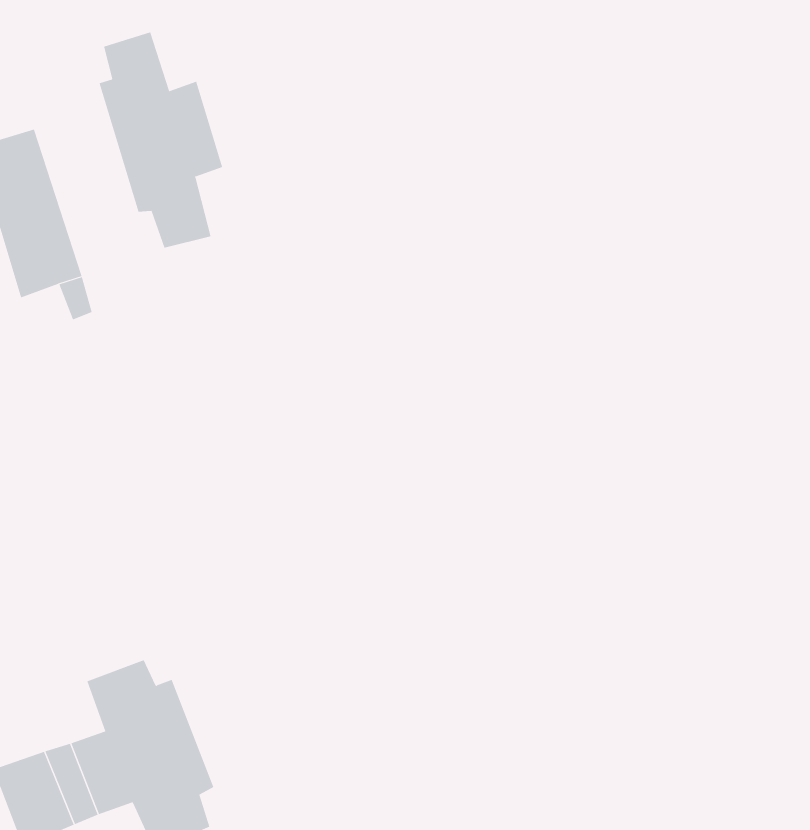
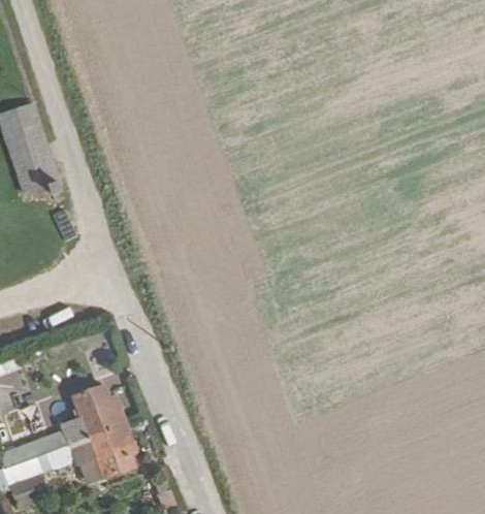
building: [99,31,223,248] -> none

